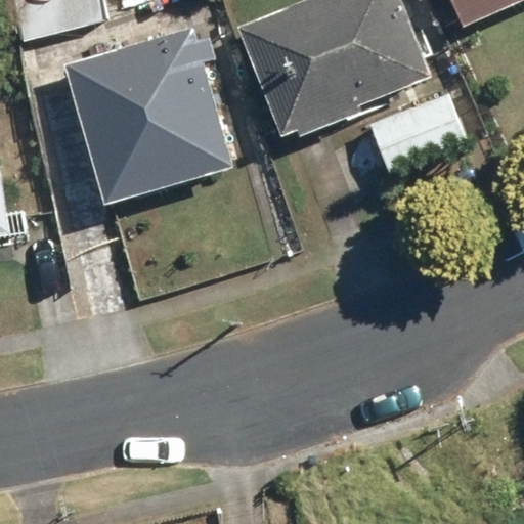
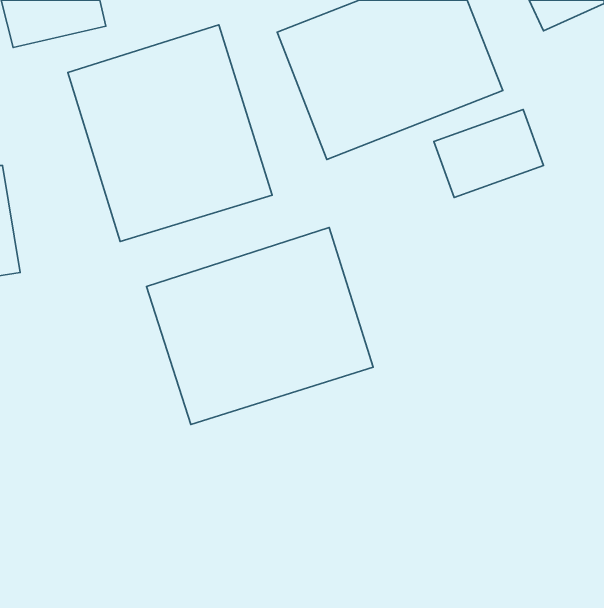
building: none -> [146,227,373,425]

